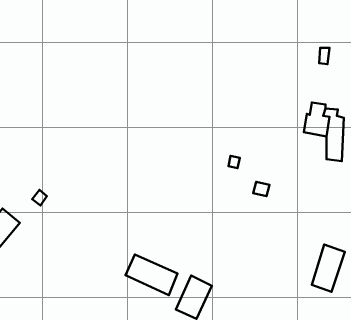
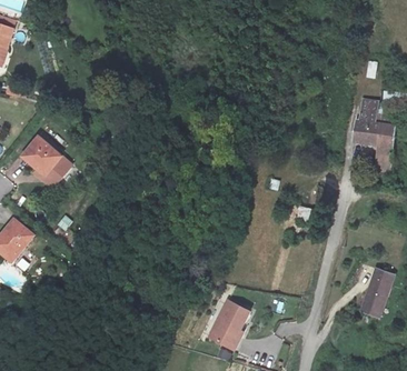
building: none -> [24,134,73,184]
building: [125,255,178,295] -> none

